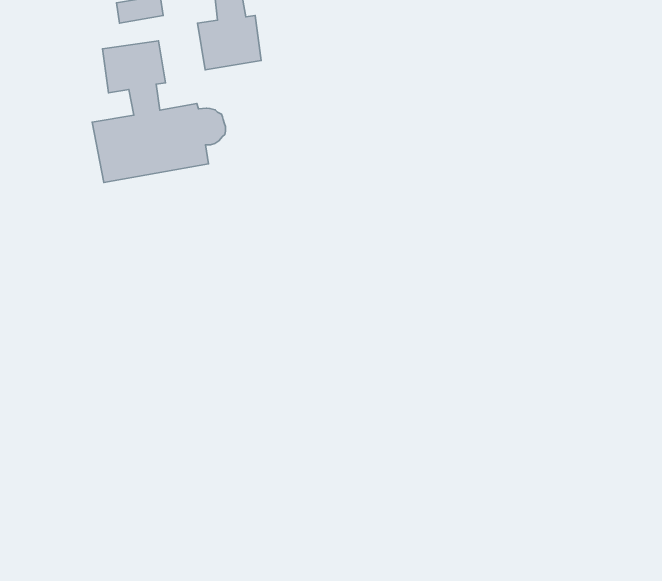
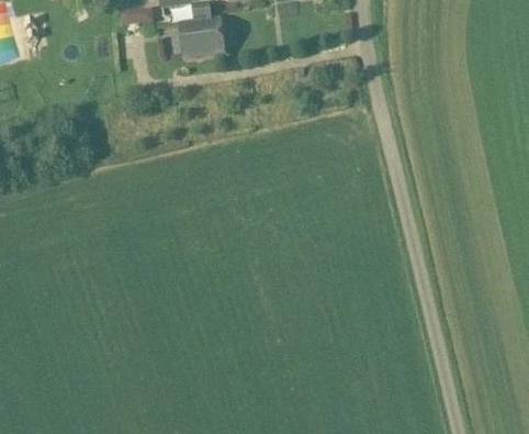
building: [92,41,226,182] -> none

